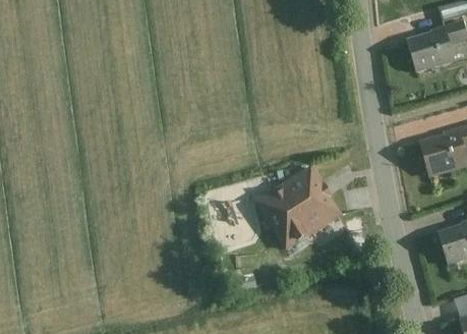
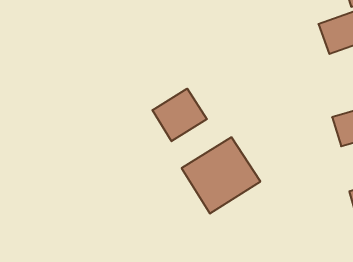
building: none -> [152,89,207,141]

